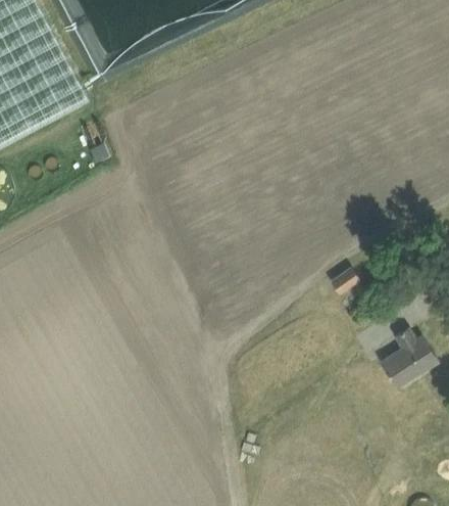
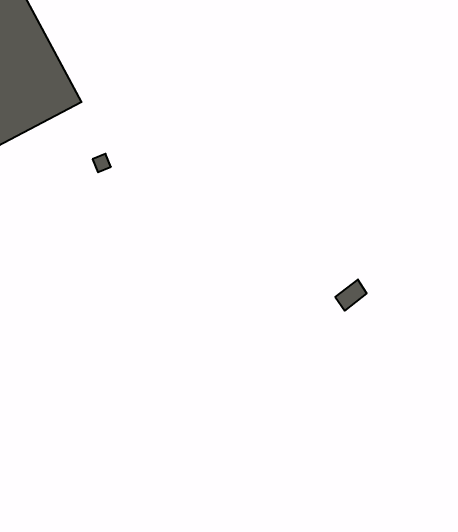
building: [381,328,437,387] -> none

